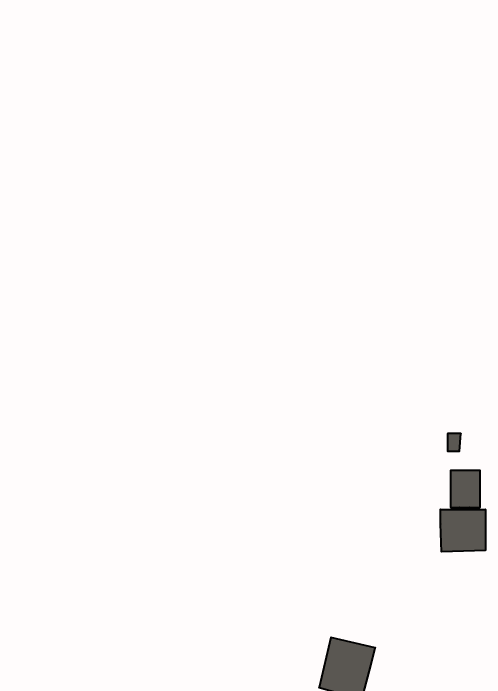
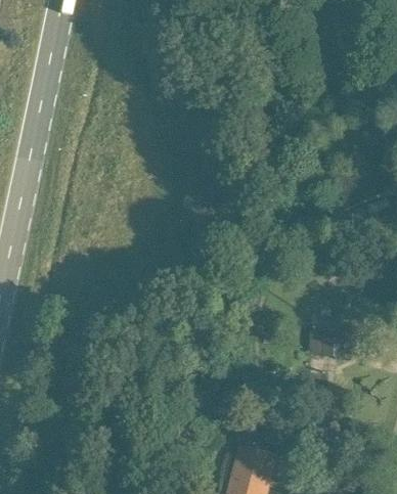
building: [440,509,485,552] -> none

